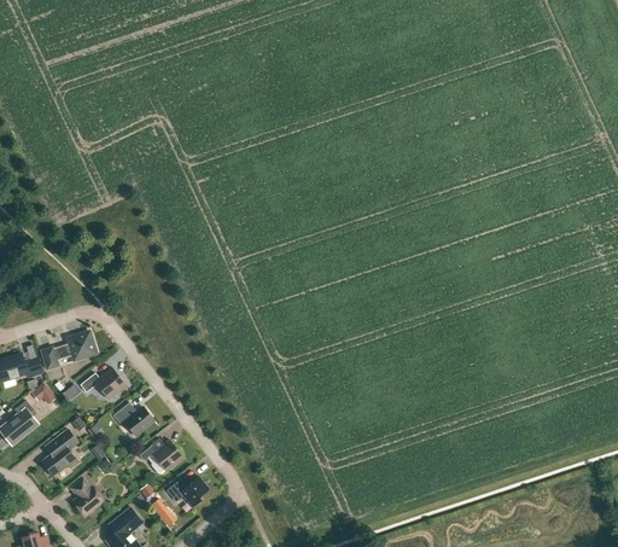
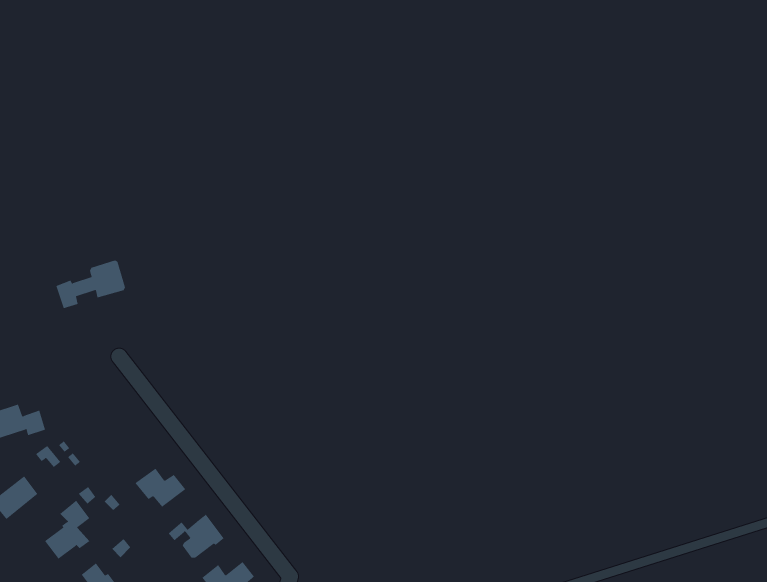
building: [41,330,97,368] -> [56,260,126,309]
building: [81,367,127,398] -> none

